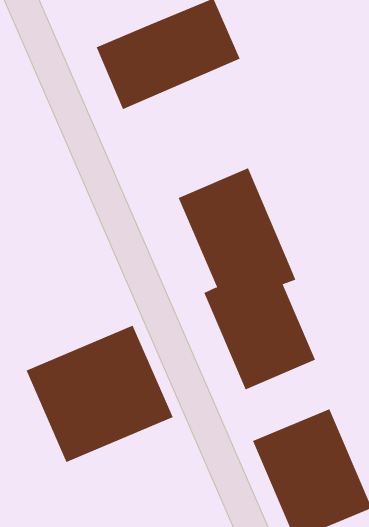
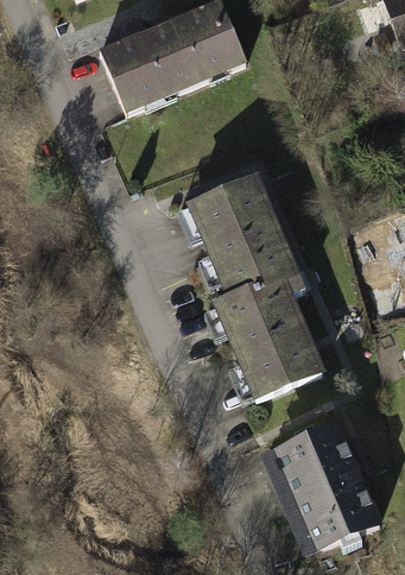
building: [26,325,173,463] -> none

